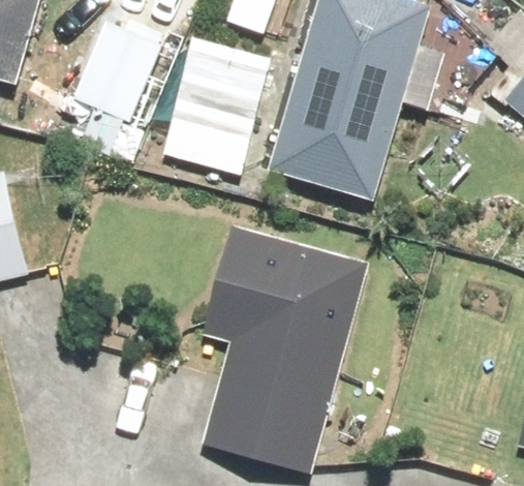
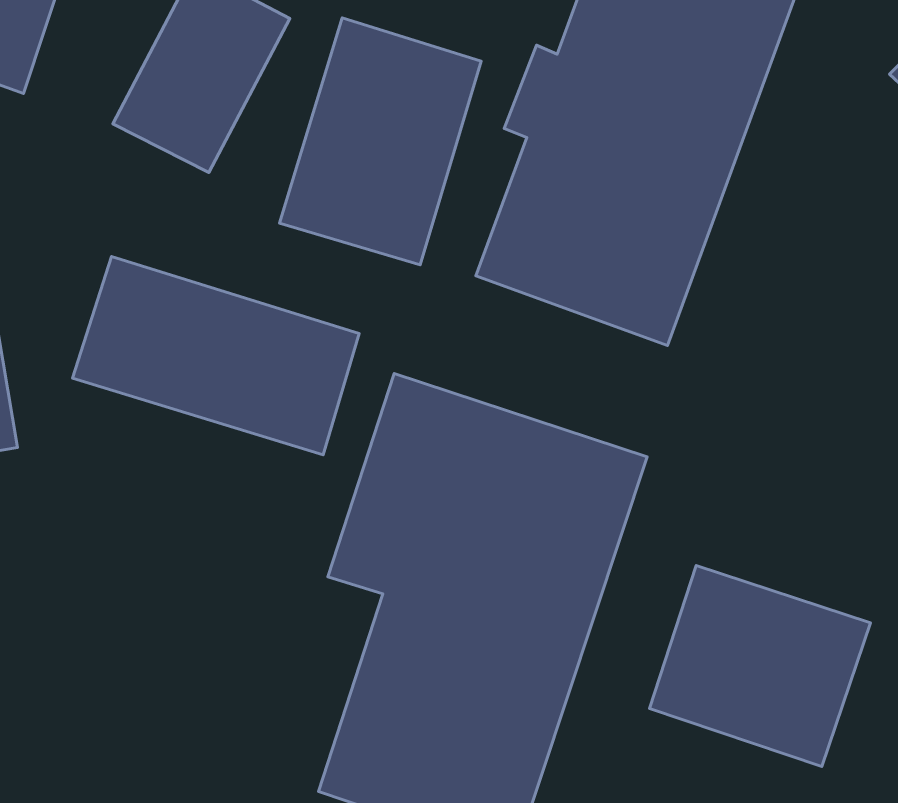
building: none -> [72,257,359,455]
building: none -> [650,565,871,767]

